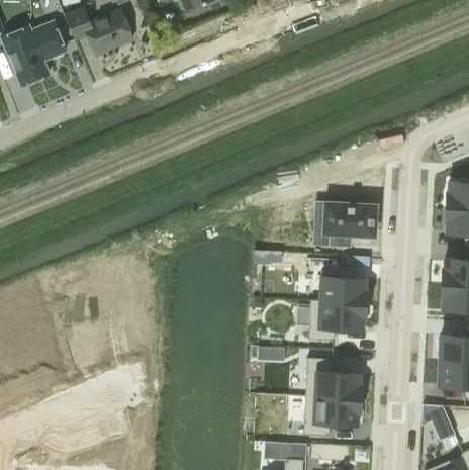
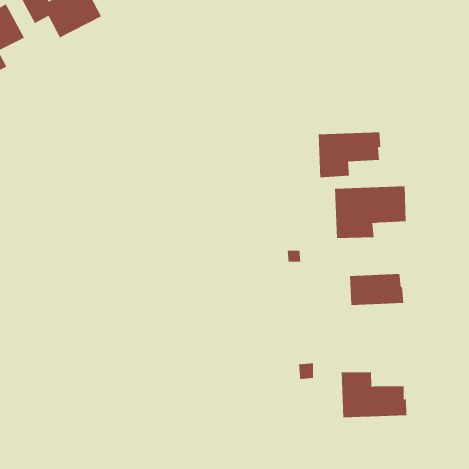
building: none -> [318,131,381,178]
building: [308,300,366,341] -> none
building: [303,396,360,436] -> none

